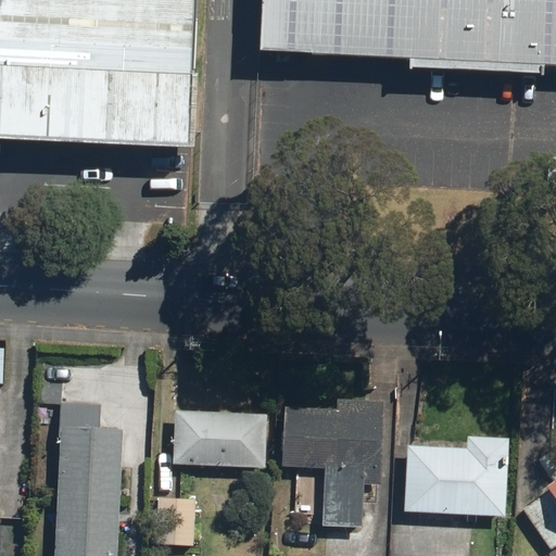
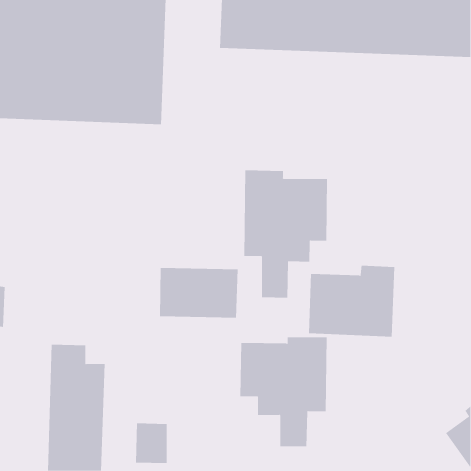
building: none -> [244,169,327,298]
building: [175,406,268,466] -> [159,267,239,318]
building: [405,431,507,516] -> [308,265,395,337]

